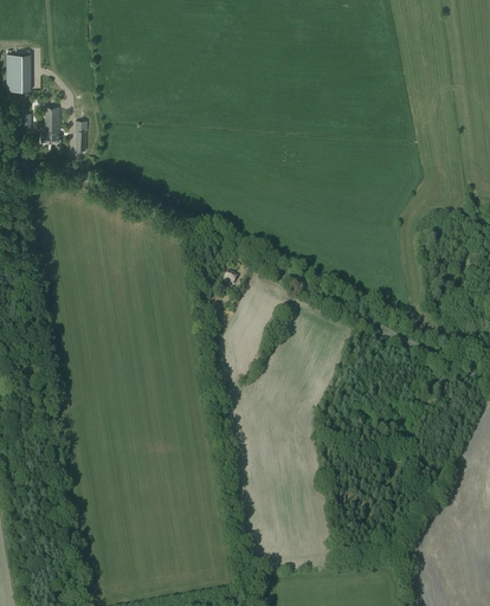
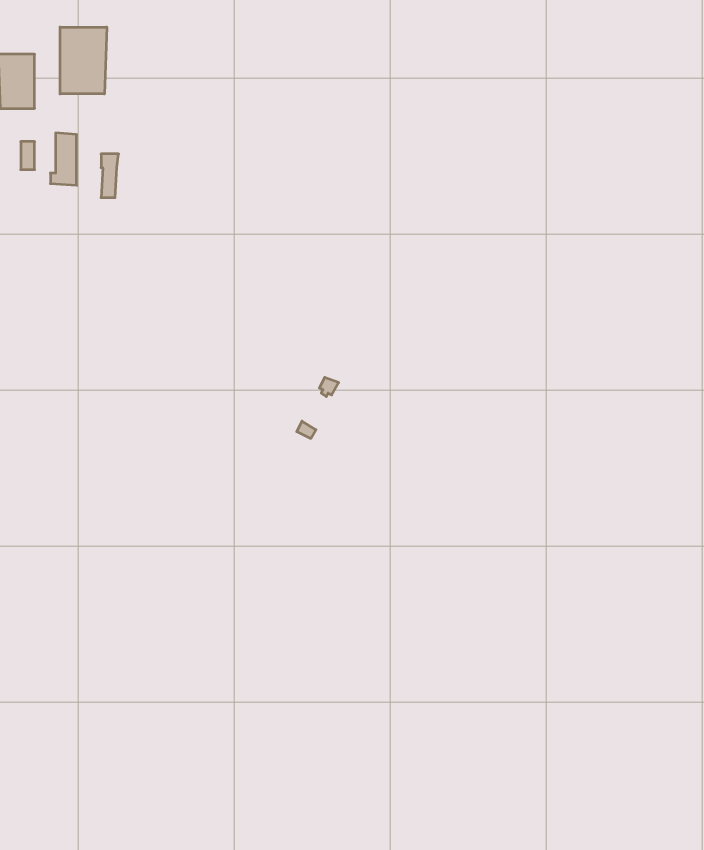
building: none -> [60,27,107,94]

